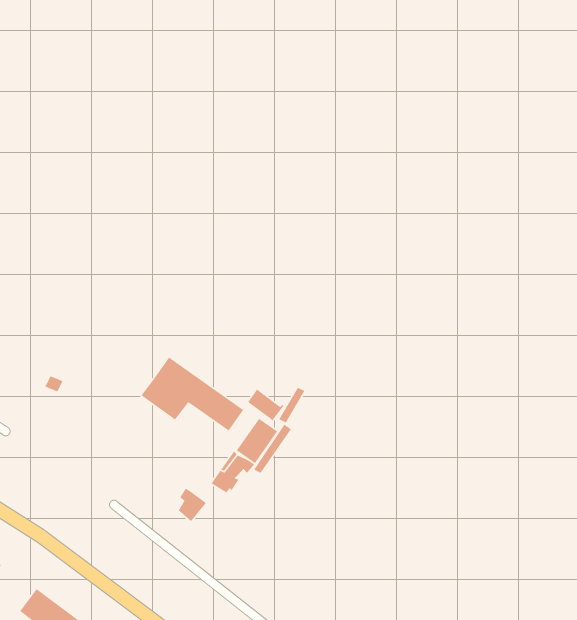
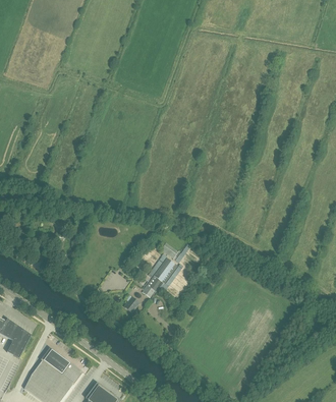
building: [140,357,244,431] -> none

